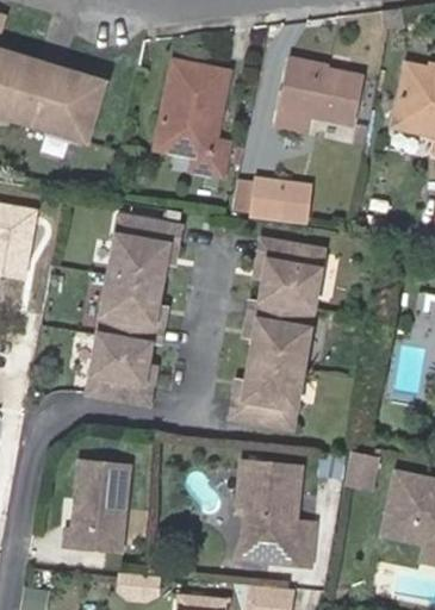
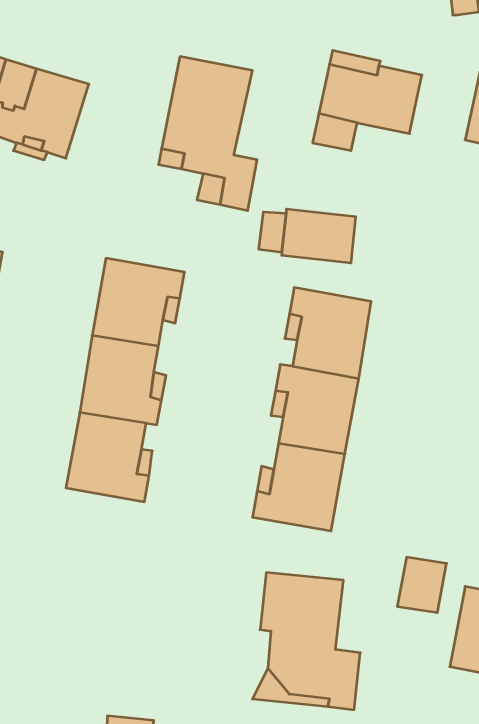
building: [60,459,128,554] -> none

